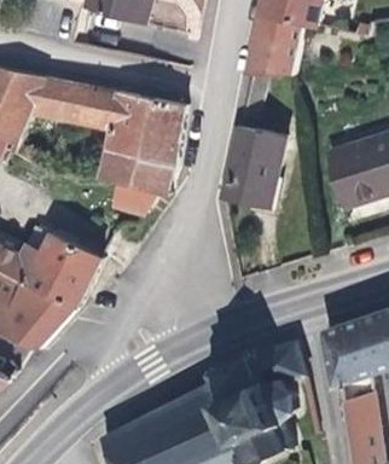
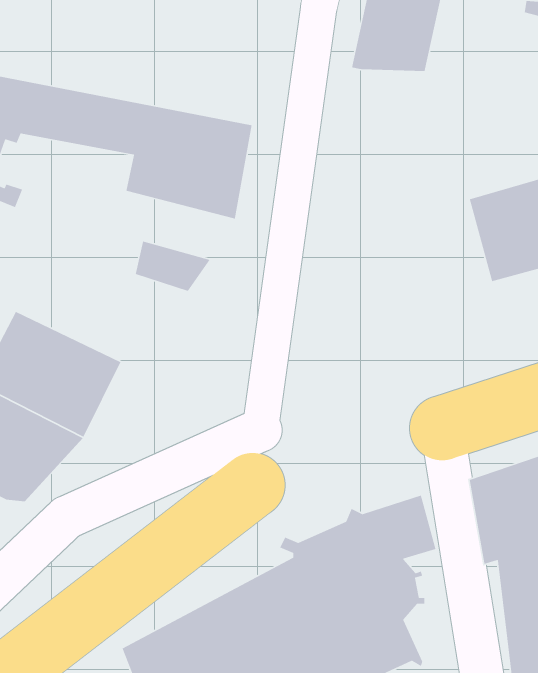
building: [217,124,283,208] -> none
building: [98,149,174,195] -> none

